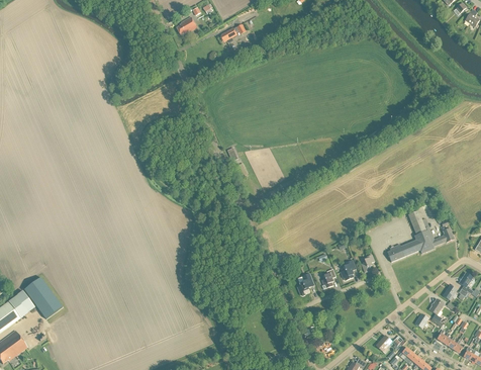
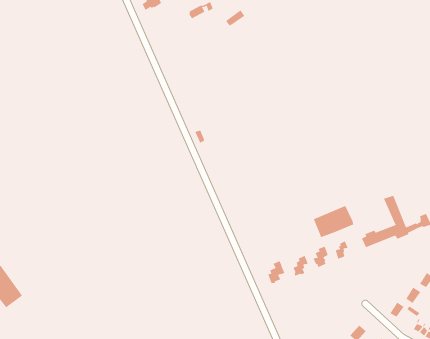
building: none -> [313,205,354,238]

